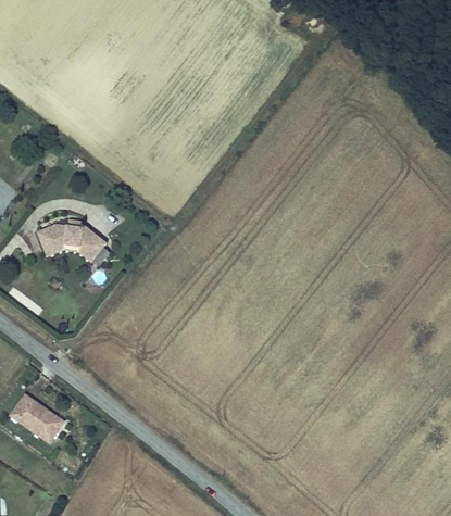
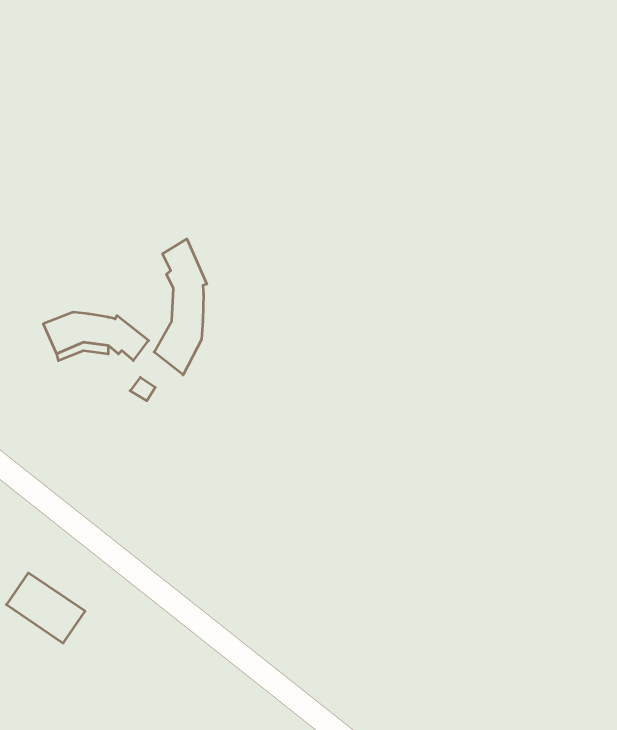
building: none -> [154,239,207,375]

